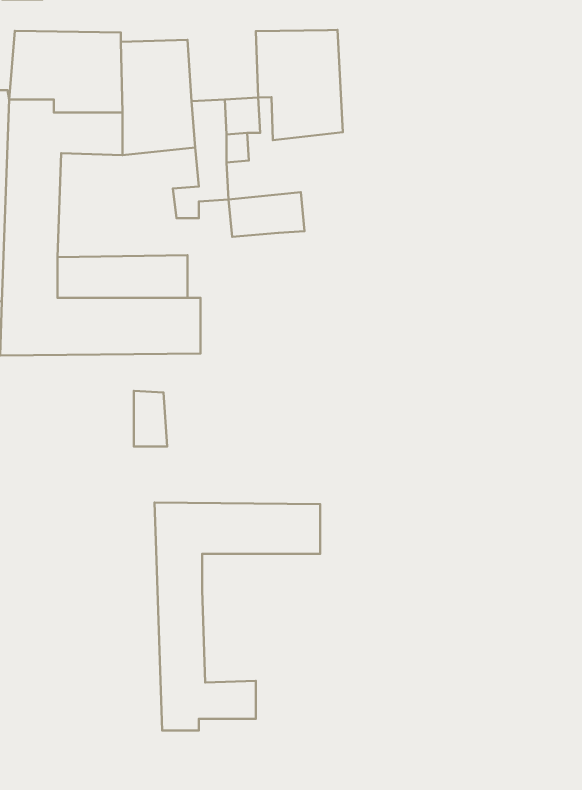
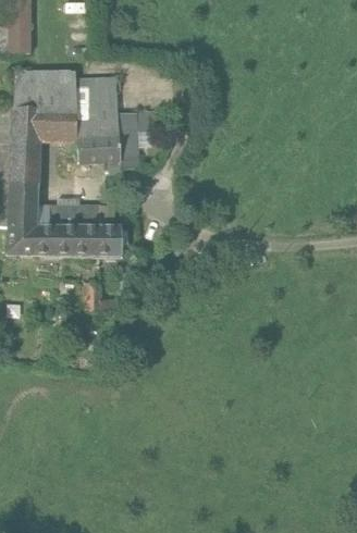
building: [256,30,343,140] -> none
building: [228,192,305,237] -> [77,137,122,163]
building: [155,503,320,730] -> none

